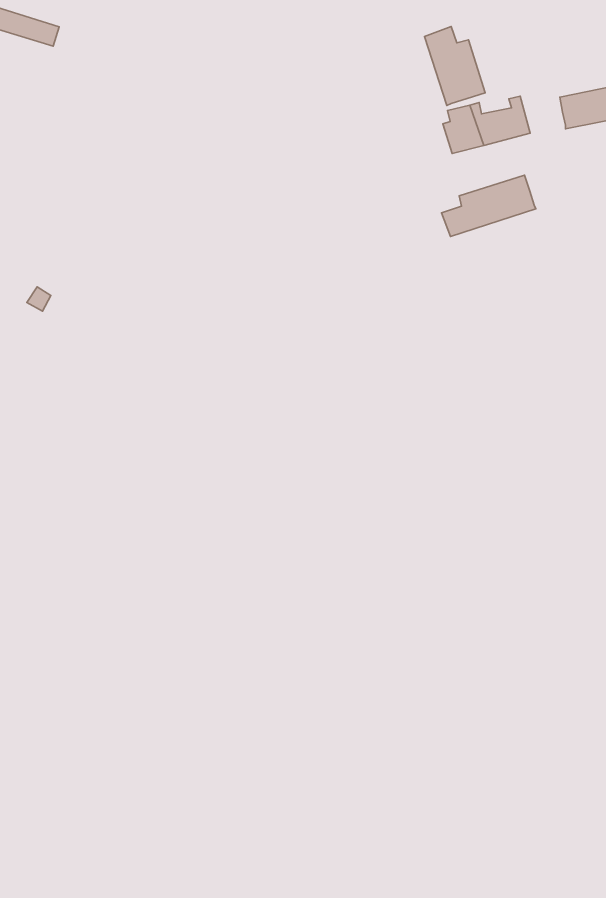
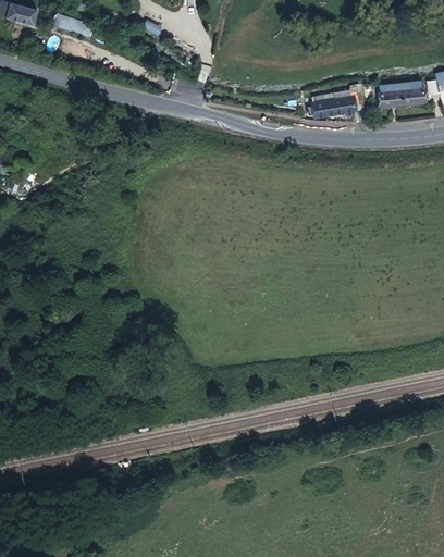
building: [424,27,485,106] -> none
building: [442,175,536,236] -> none

